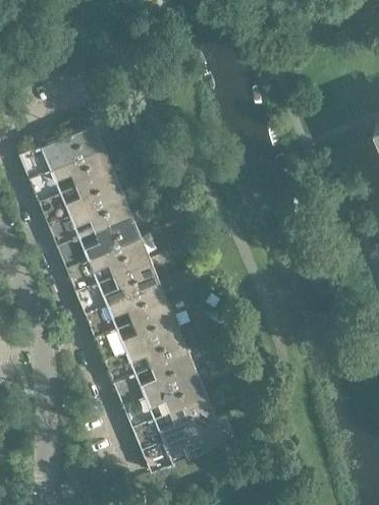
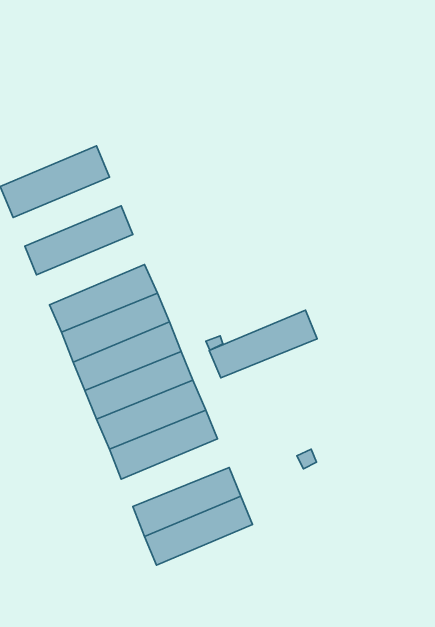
building: [28,147,112,201] -> none
building: [46,191,130,246] -> none
building: [112,351,197,404] -> [209,310,317,378]
building: [140,418,224,471] -> none

